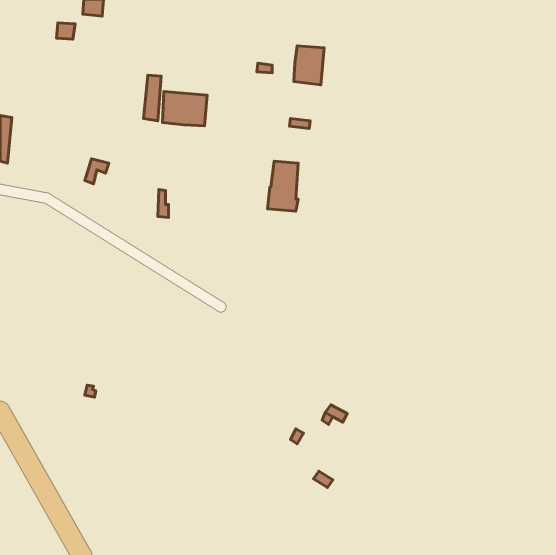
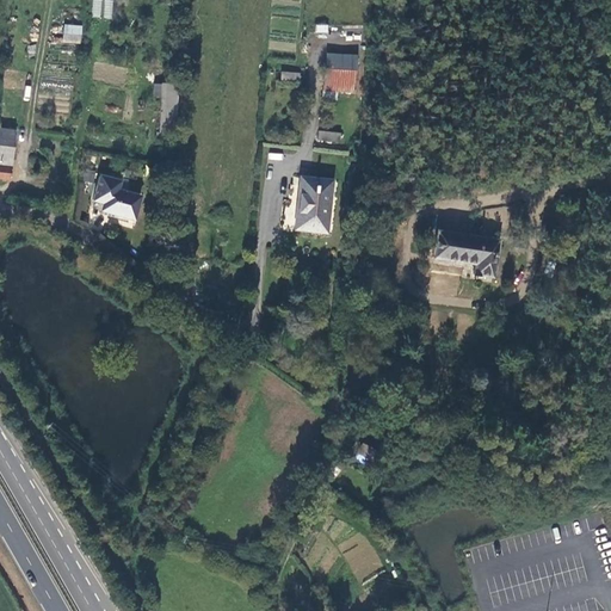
building: [162,92,207,126] -> none
building: none -> [101,186,138,218]
building: none -> [433,232,496,276]

